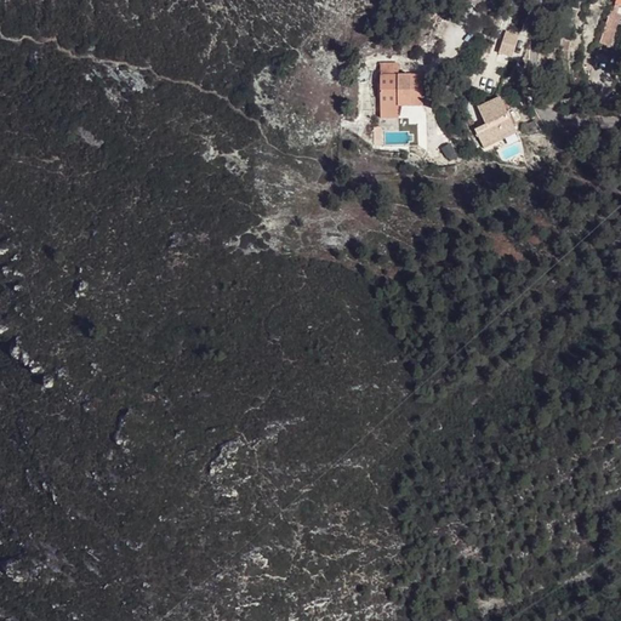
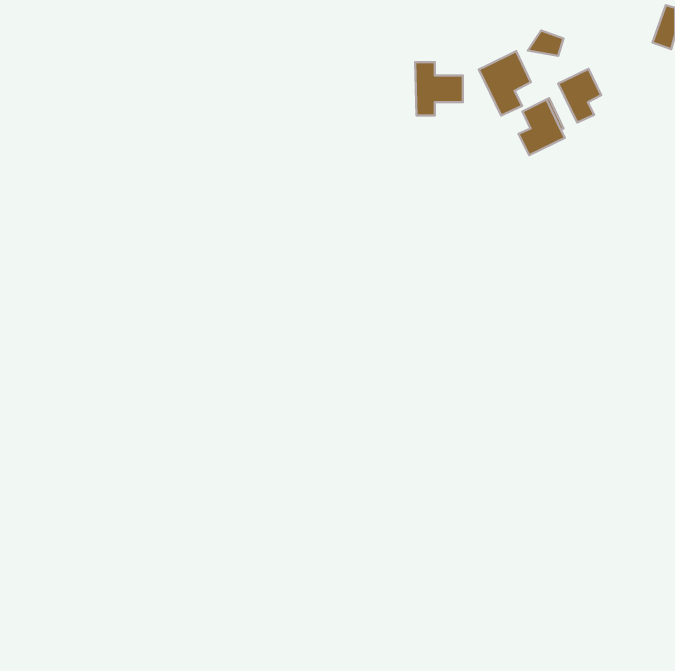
building: none -> [479,51,531,115]
building: none -> [558,69,601,123]

